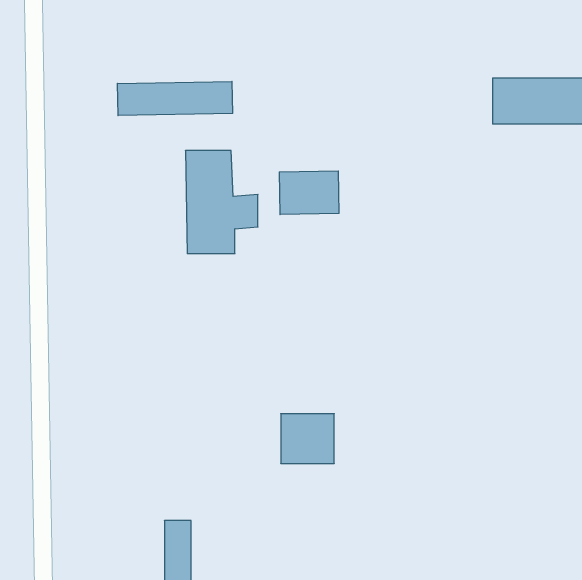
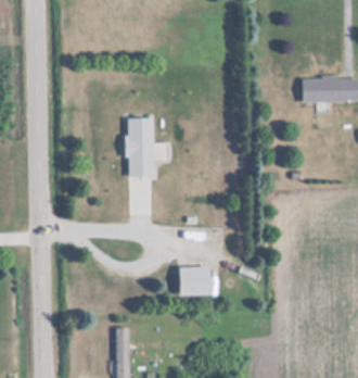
building: [117,81,233,116] -> none
building: [279,171,339,215] -> none

